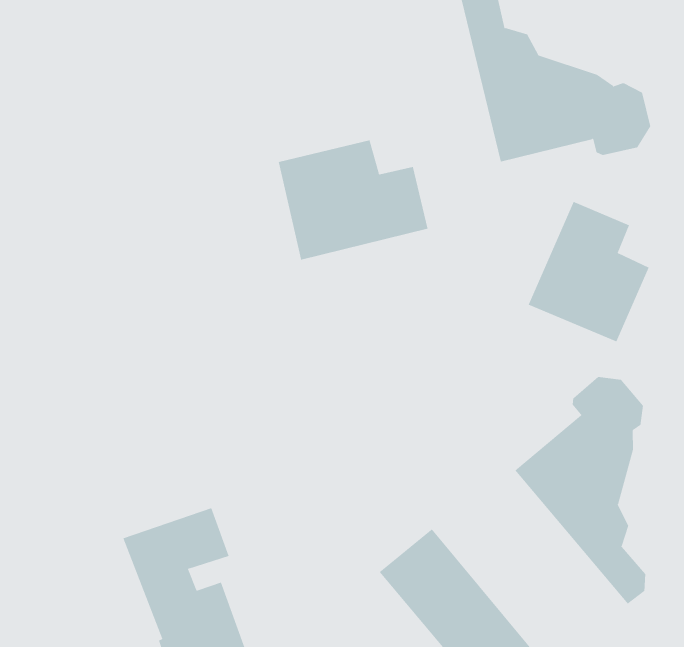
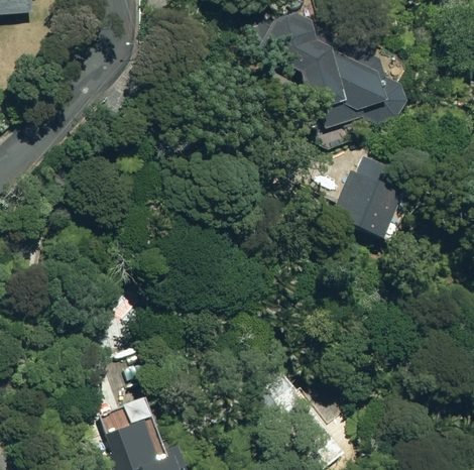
building: [278,139,428,260] -> none
building: [515,376,646,605] -> none

